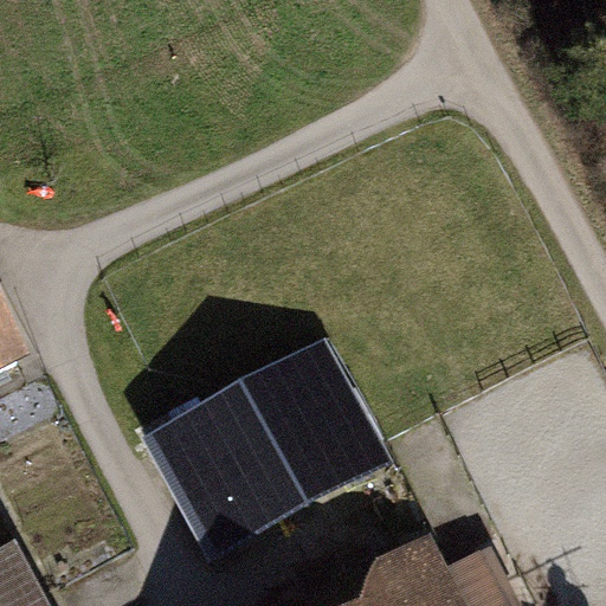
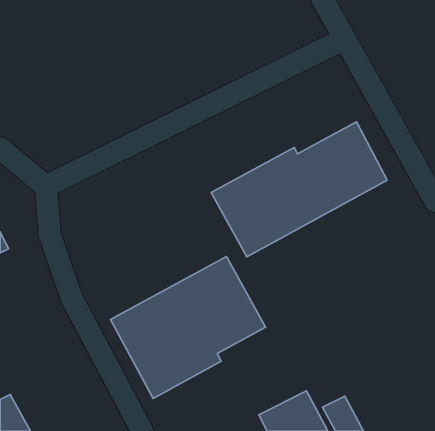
building: none -> [211,122,387,257]

